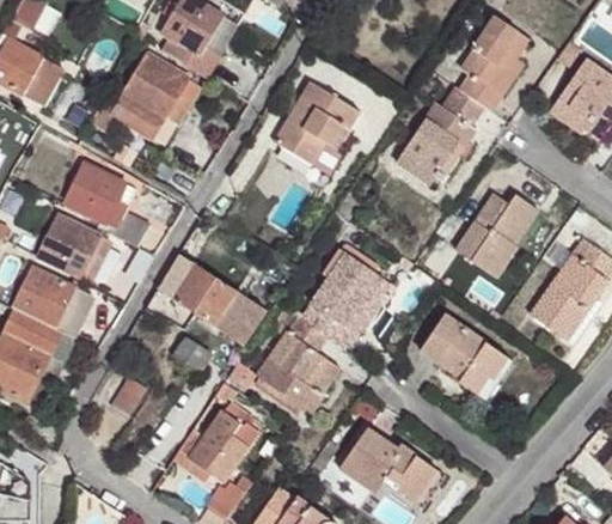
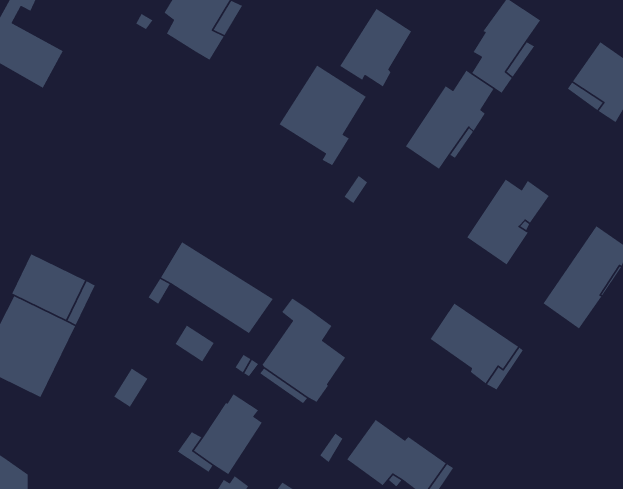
building: none -> [339,8,412,88]
building: [90,54,200,145] -> none
building: [62,162,149,245] -> none
building: [36,213,110,282] -> none
building: [300,252,388,347] -> none

